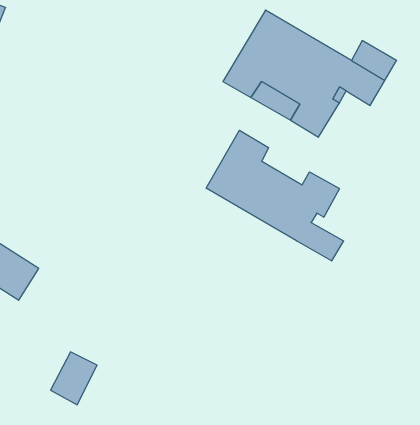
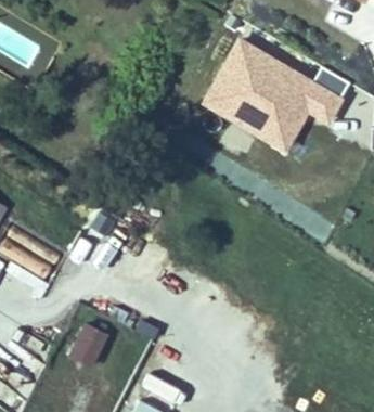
building: [206,130,344,261] -> none

